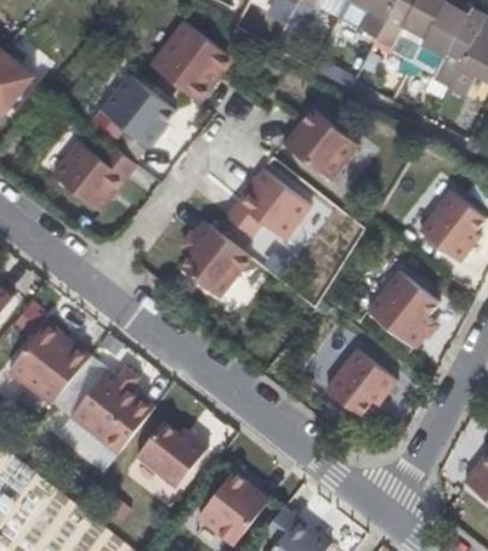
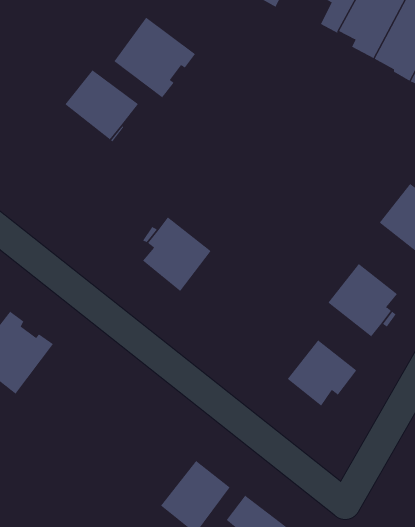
building: [283,109,358,181] -> none
building: [51,142,135,212] -> none
building: [226,170,311,240] -> none
building: [68,369,153,443] -> none
building: [136,422,208,488] -> none

